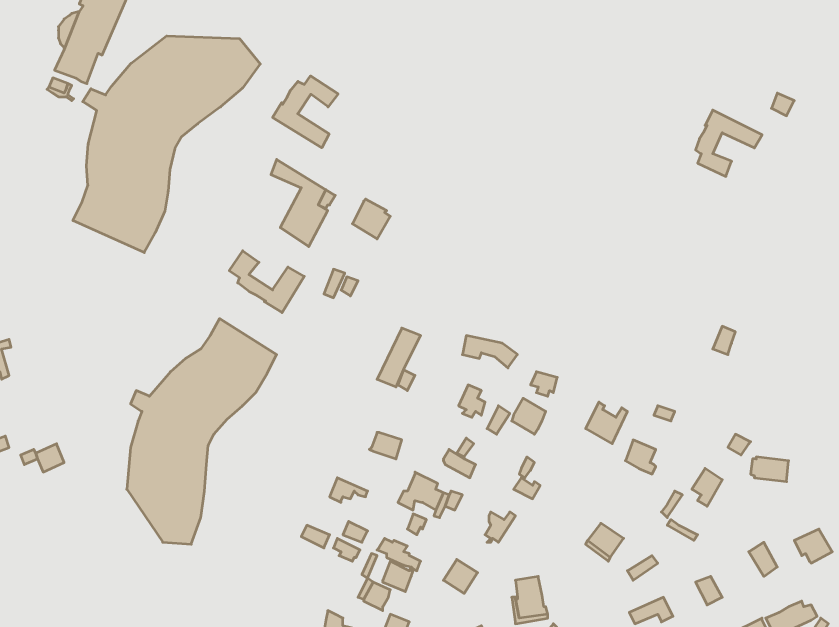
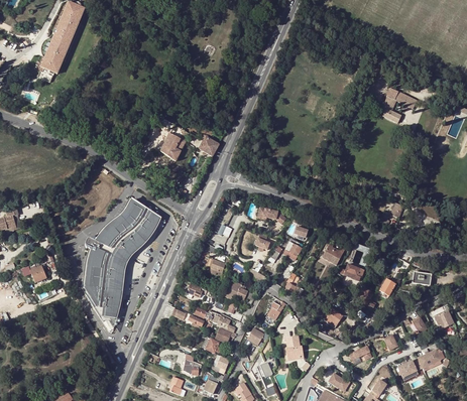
building: [73,36,260,253] -> none
building: [273,76,338,148] -> none
building: [229,251,304,313] -> none

